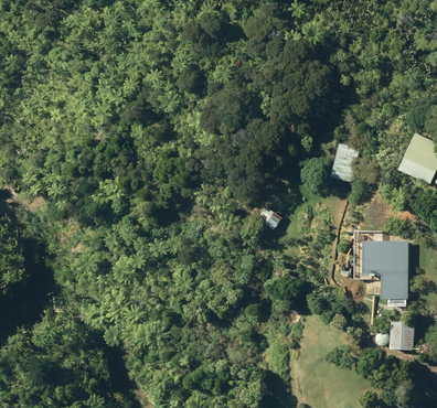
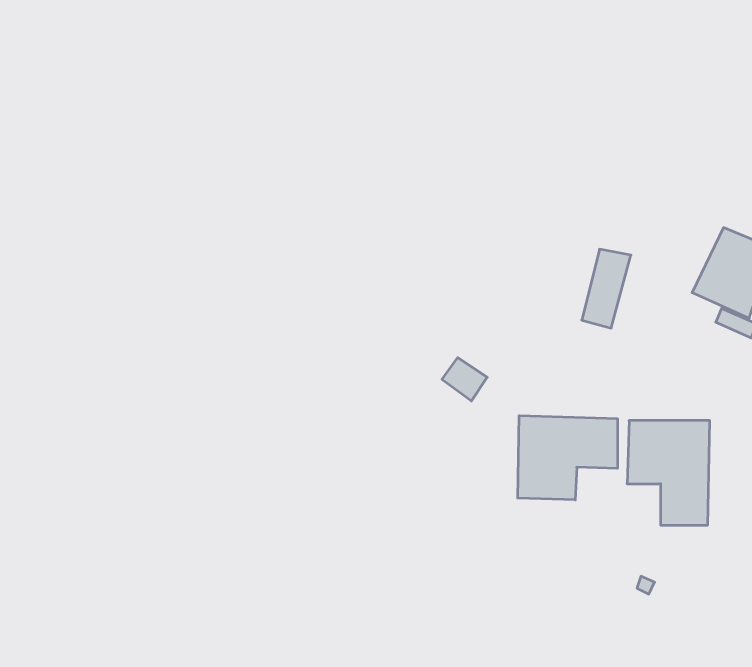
building: none -> [518,416,617,500]
building: [390,321,414,350] -> none

